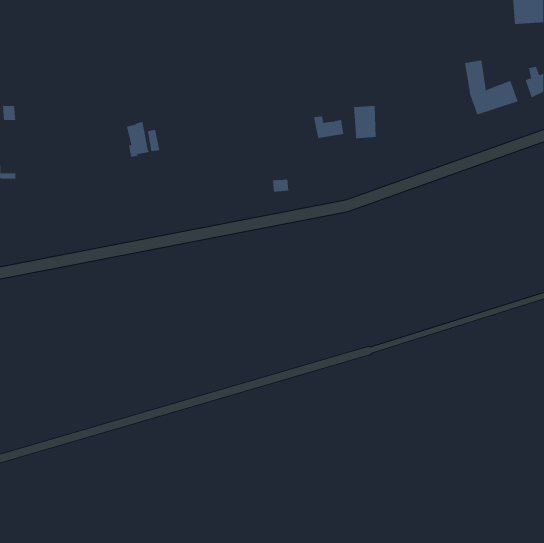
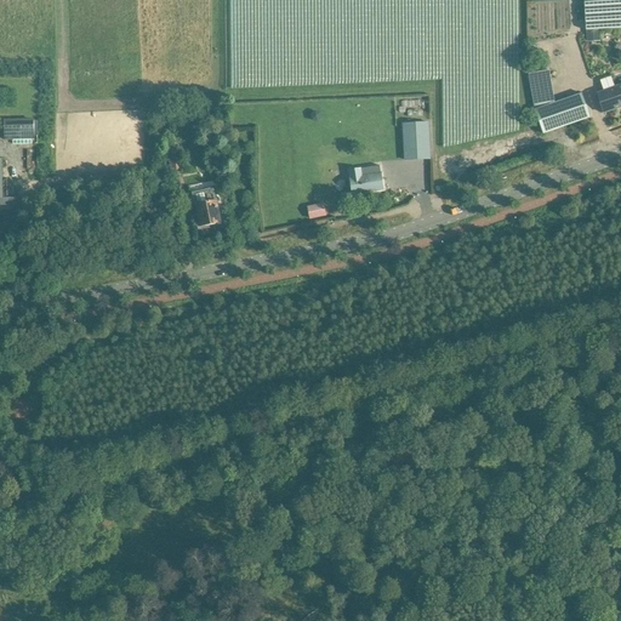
building: [313,116,344,138] -> [347,167,382,193]
building: [126,121,150,158] -> [193,186,220,227]

